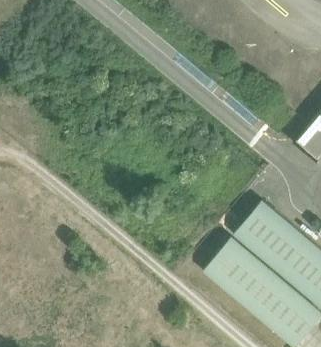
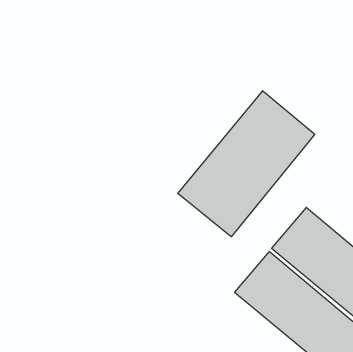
building: none -> [178,91,315,237]

